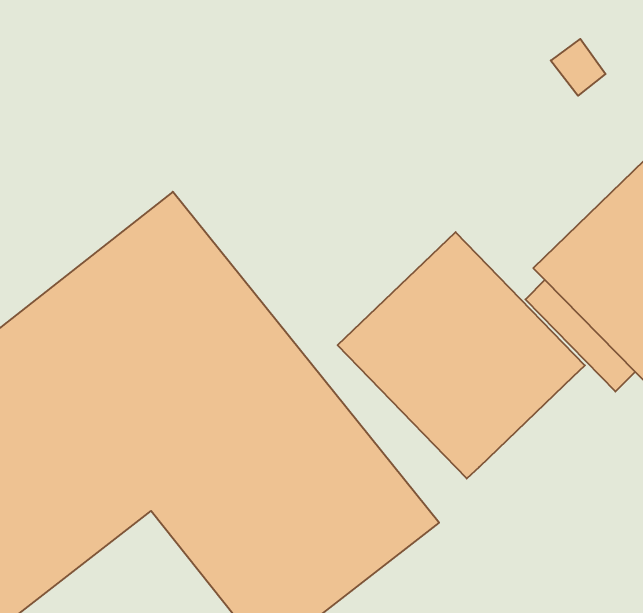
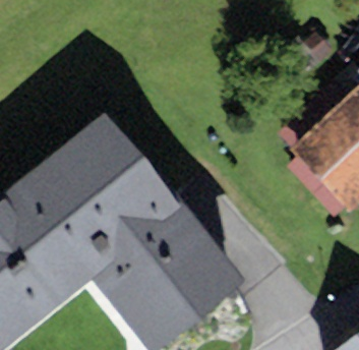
building: [338,232,585,479] -> none

